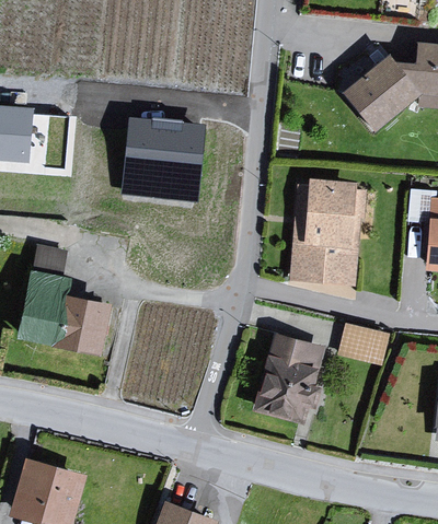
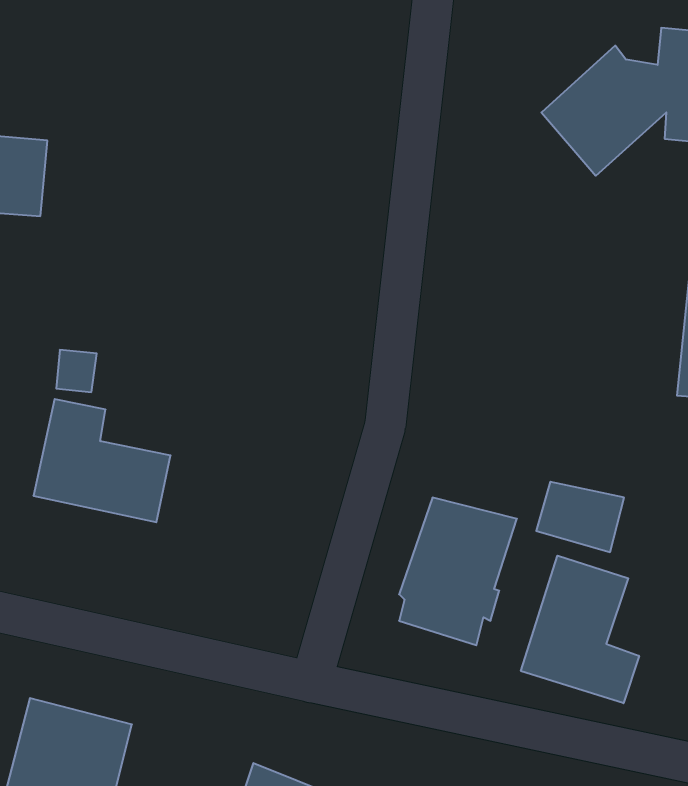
building: [129,121,205,196] -> none
building: [289,176,368,291] -> none
building: none -> [521,556,639,703]

